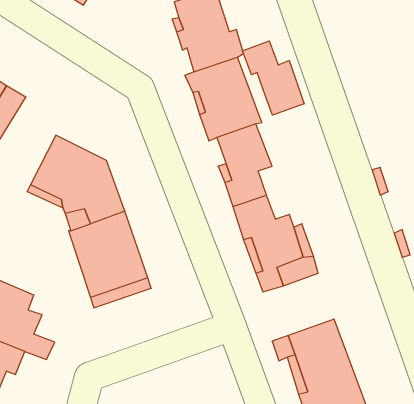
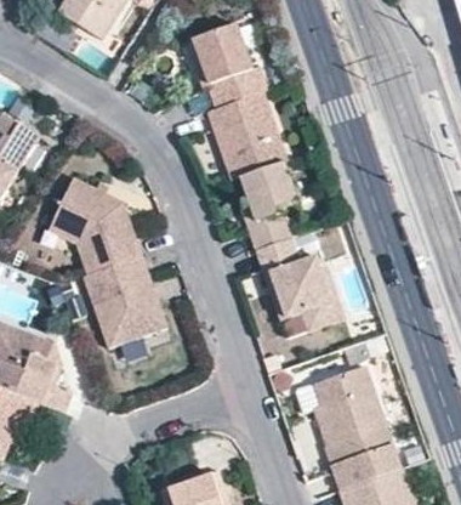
building: [243,41,304,115] -> none

